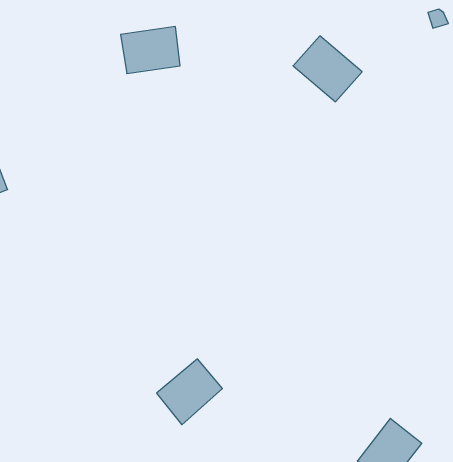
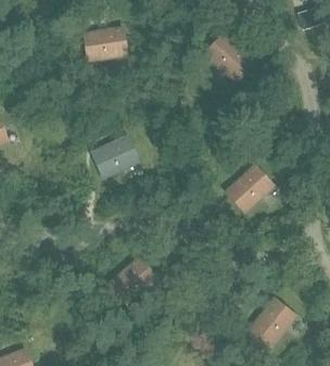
building: none -> [91,135,138,177]
building: none -> [226,165,272,211]

